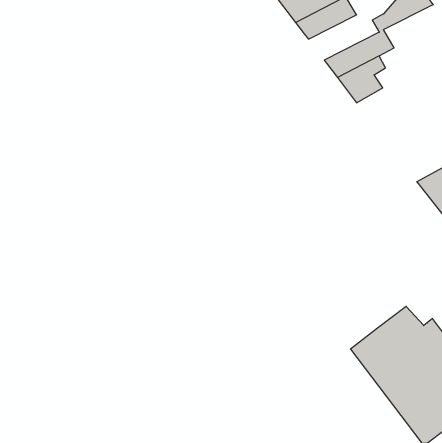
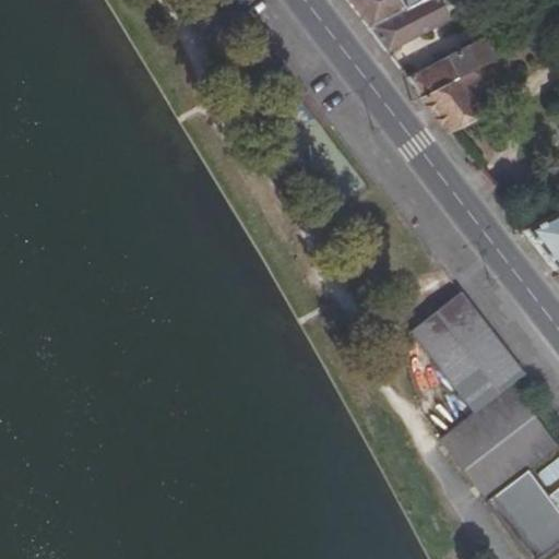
building: none -> [415,292,527,412]

